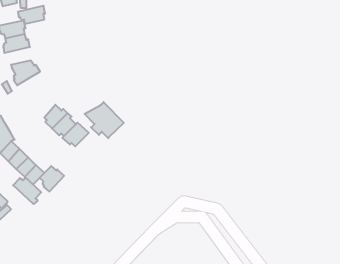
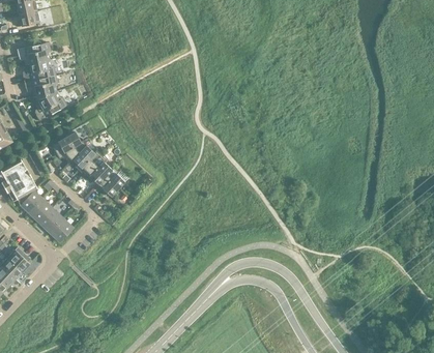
building: [18,6,45,24] -> [24,75,57,96]
building: none -> [52,131,86,164]
building: [85,102,124,138] -> none
building: [40,166,64,192] -> none
building: [13,178,41,204] -> none

